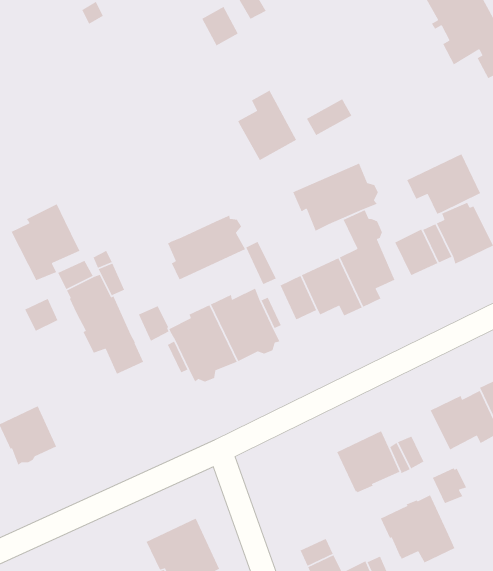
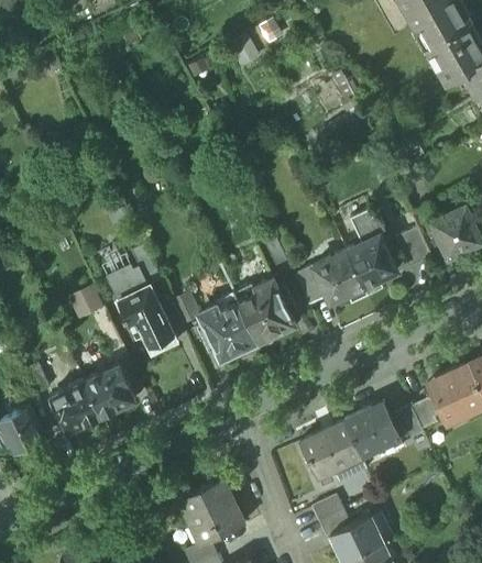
building: [237,90,297,161] -> none
building: [406,153,481,215] -> none
building: [292,163,379,232] -> none
building: [10,203,80,281] -> none
building: [166,215,246,281] -> none
building: none -> [85,364,135,417]
building: [432,468,467,504] -> [410,398,441,430]
building: [380,494,456,564] -> [300,421,366,482]

